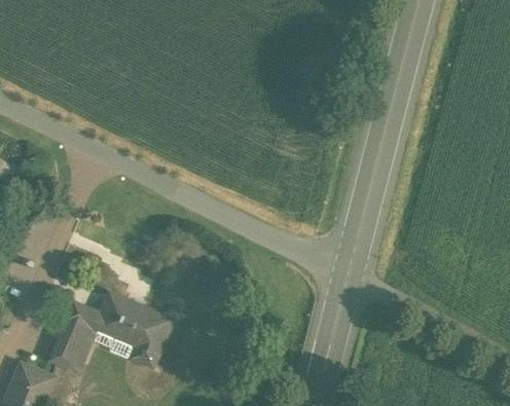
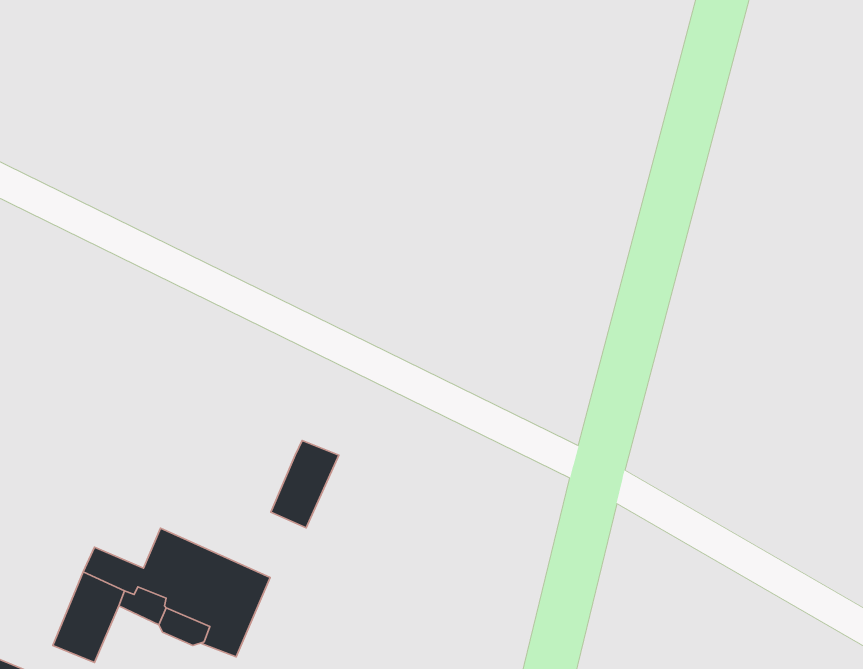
building: none -> [271,441,339,528]

